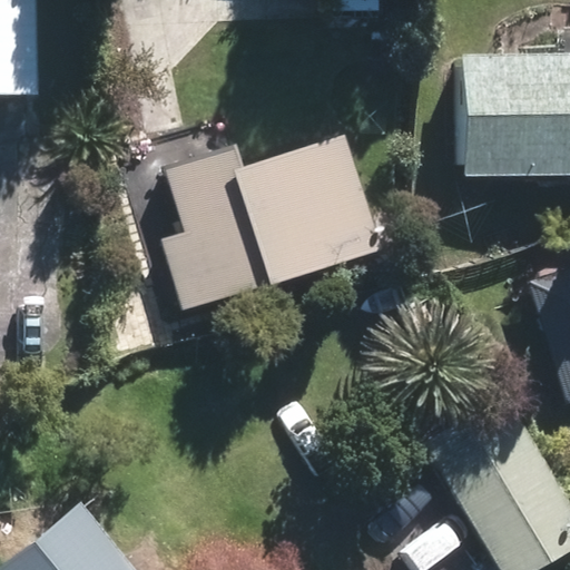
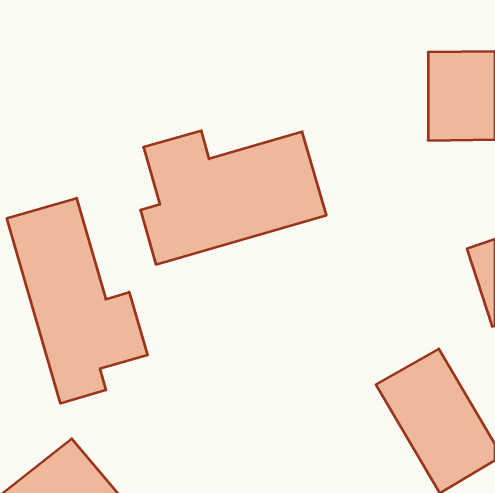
building: none -> [7,198,148,403]

